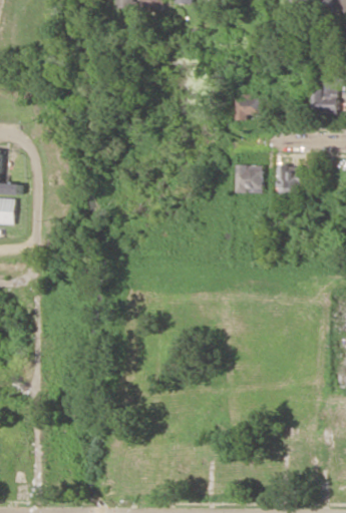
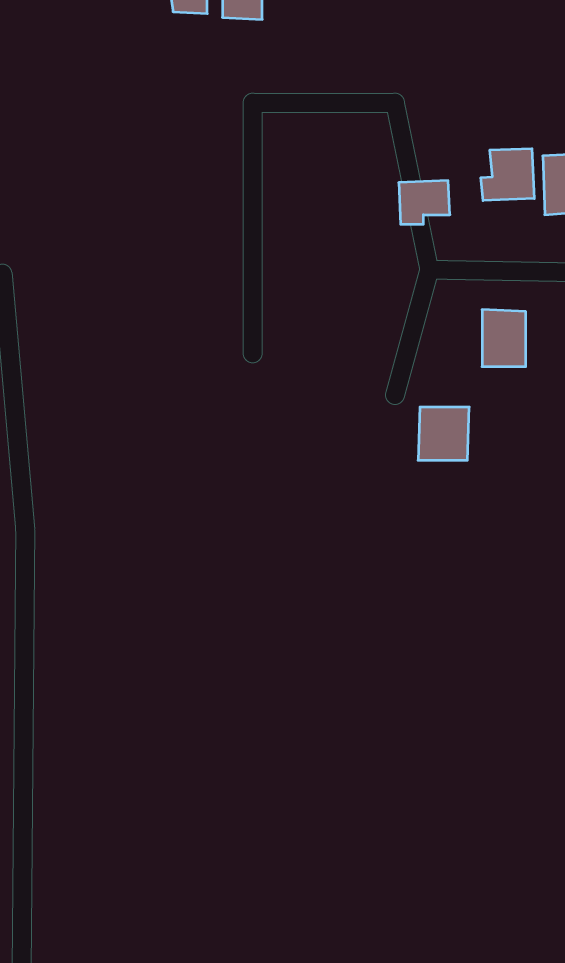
building: none -> [481,149,534,201]
building: [235,165,262,193] -> [418,407,469,460]

